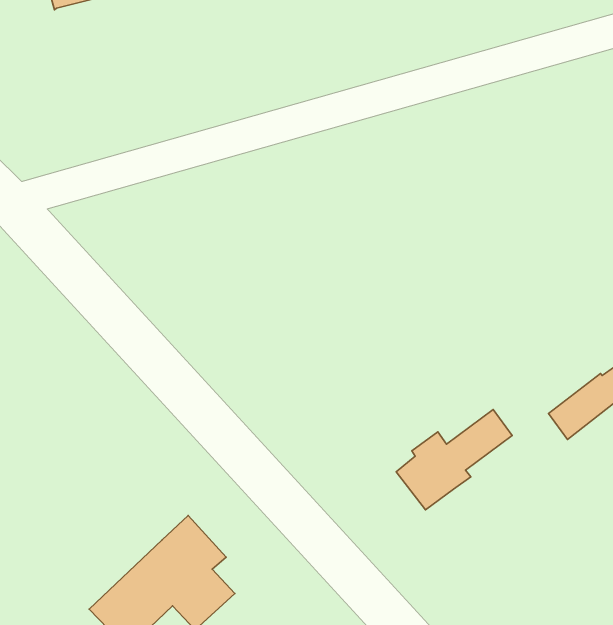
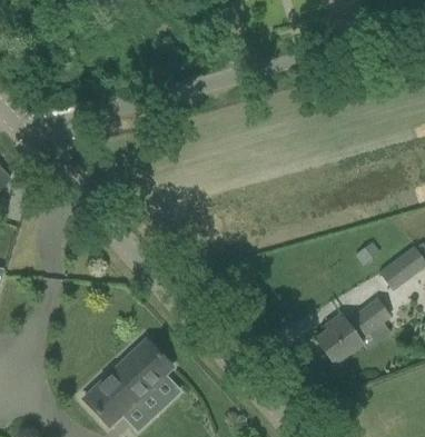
building: [396,409,512,510] -> [315,298,389,362]

